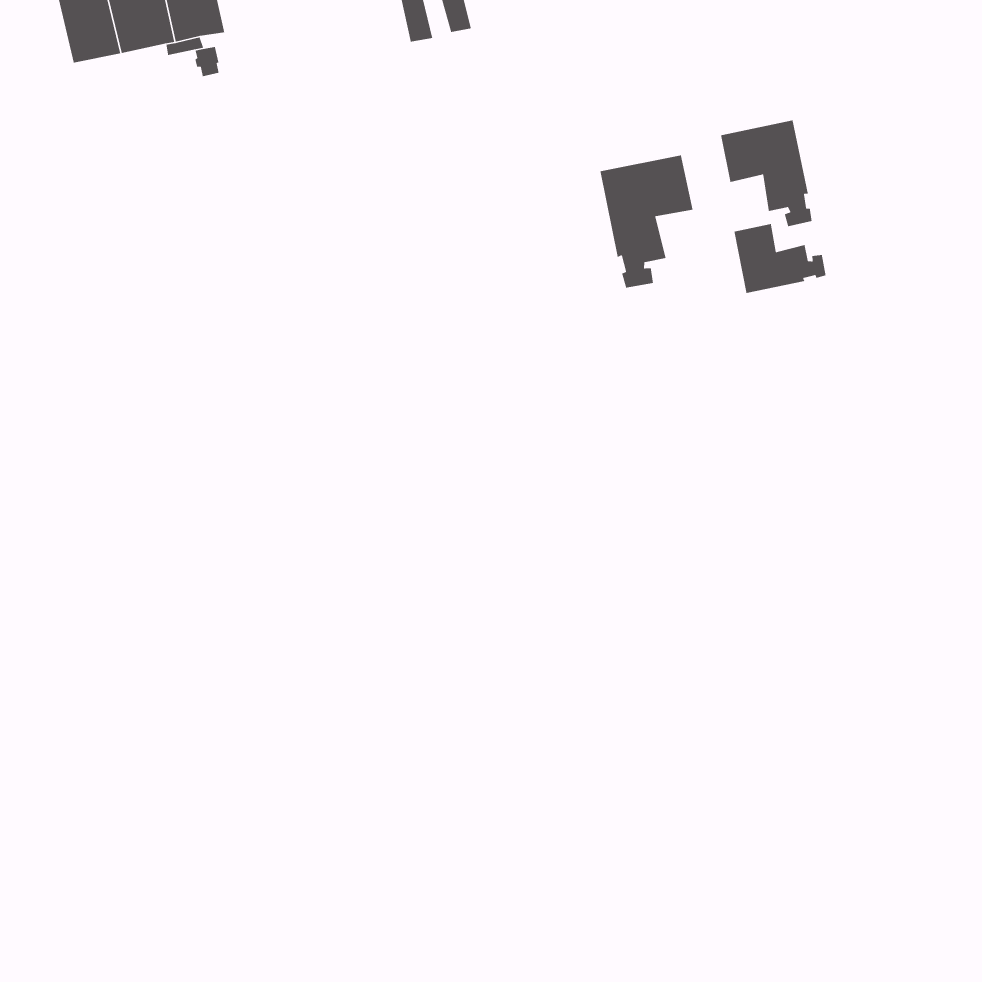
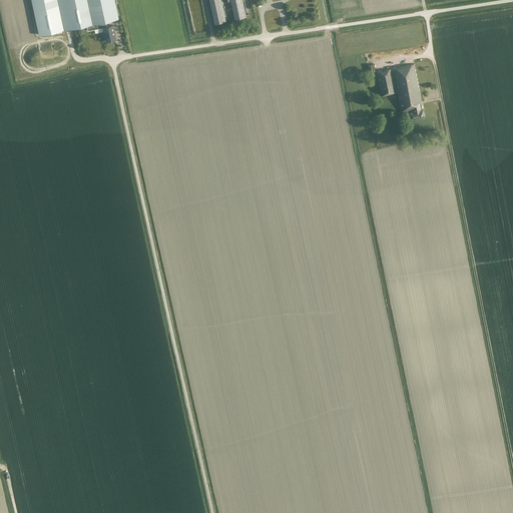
building: [599,155,693,289] -> none
building: [733,223,826,294] -> none

